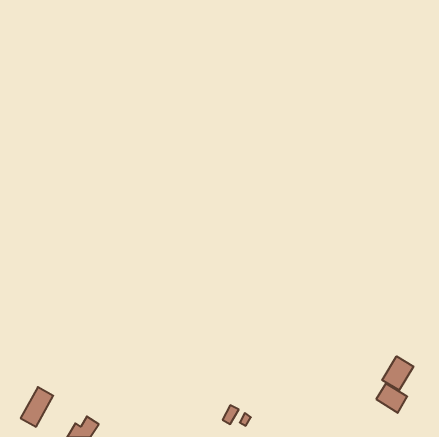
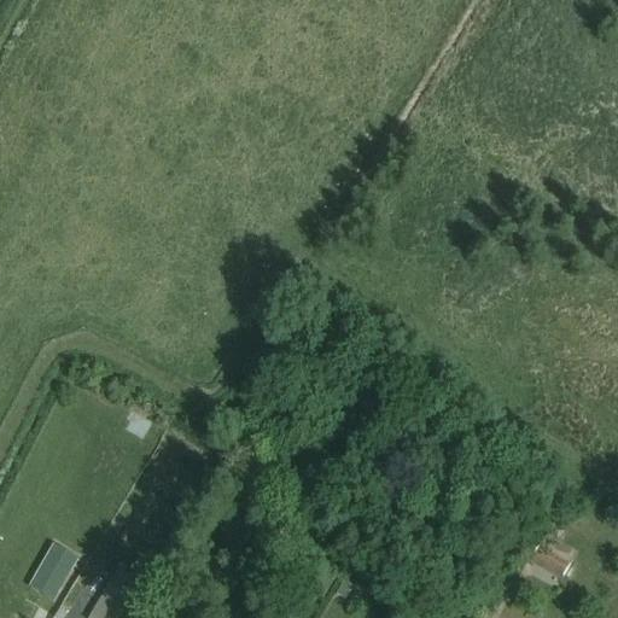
building: [382,356,413,390] -> none

